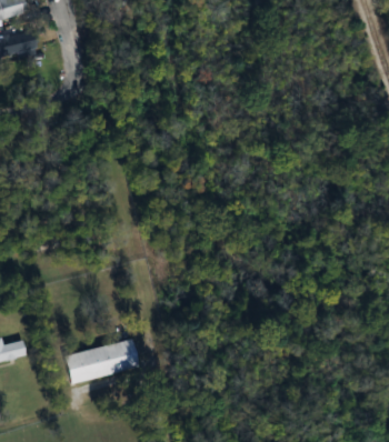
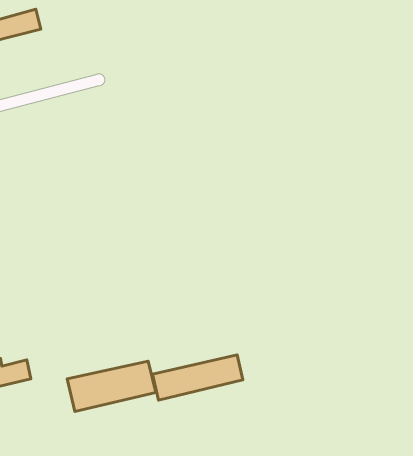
building: none -> [152,355,243,400]

